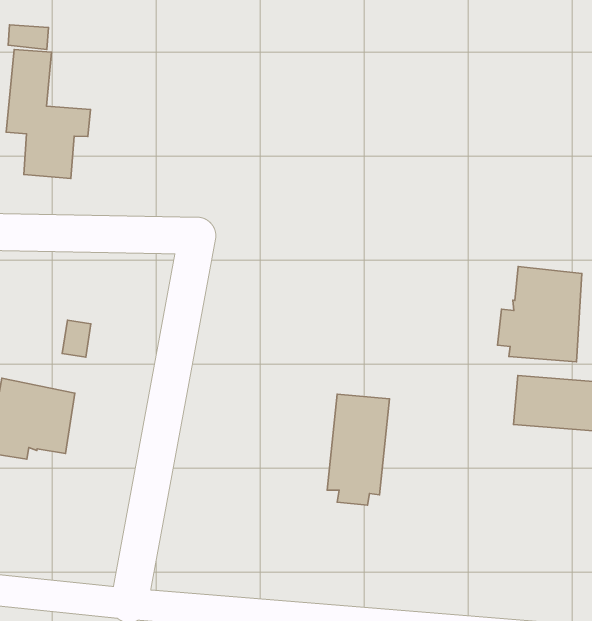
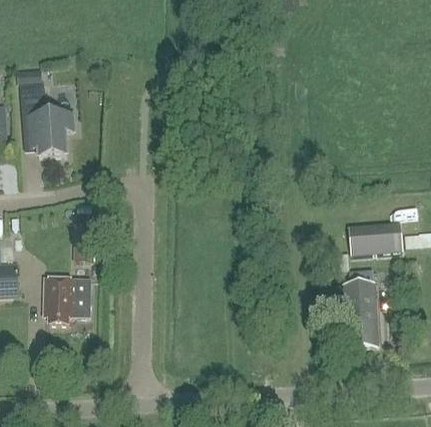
building: [498,266,582,362] -> none
building: [327,394,389,505] -> [343,281,377,346]

